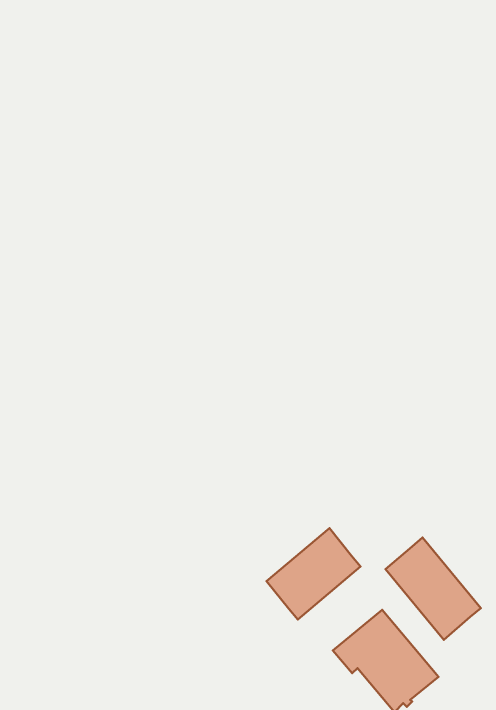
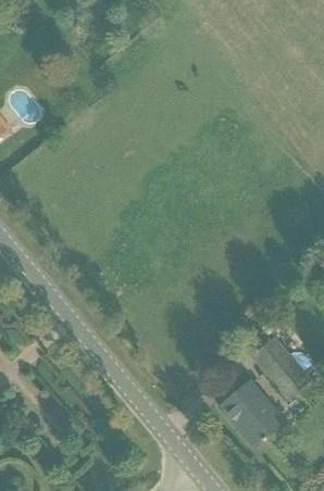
building: [267,528,361,619] -> none

